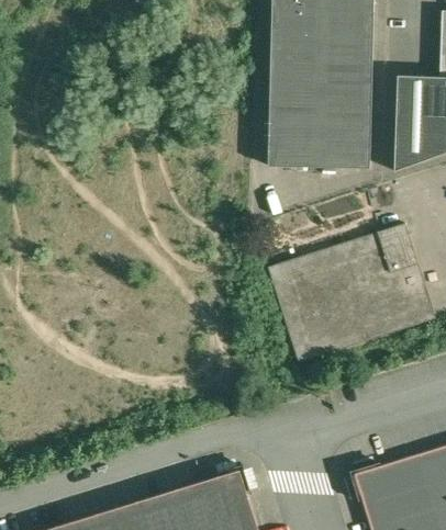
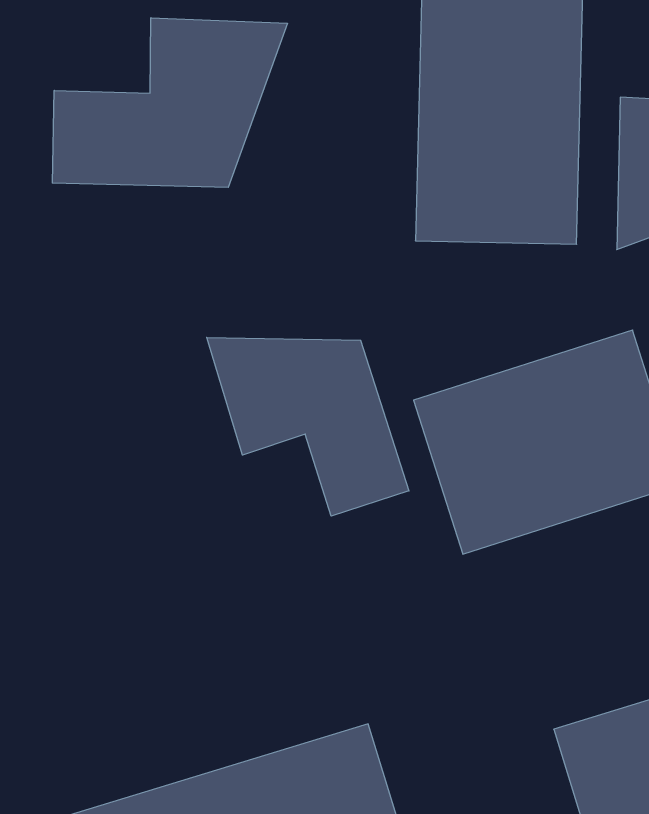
building: none -> [52,18,287,187]
building: none -> [207,337,409,516]

